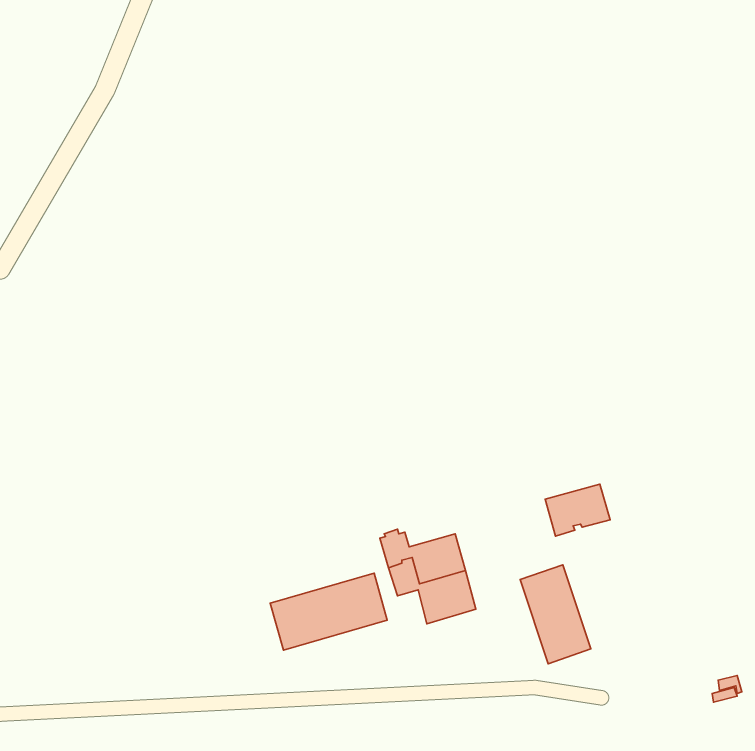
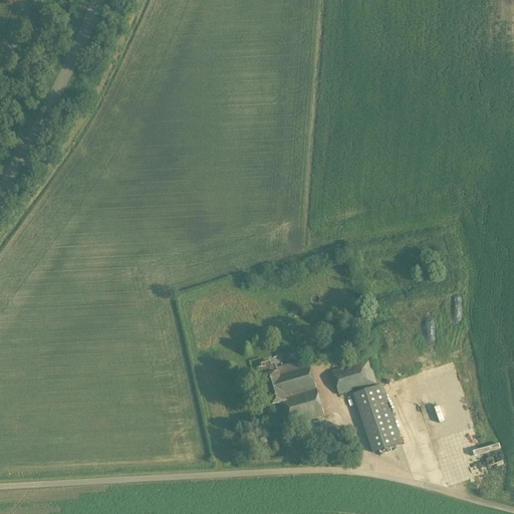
building: [545,484,610,536] -> [332,358,376,394]
building: [270,573,387,650] -> none

